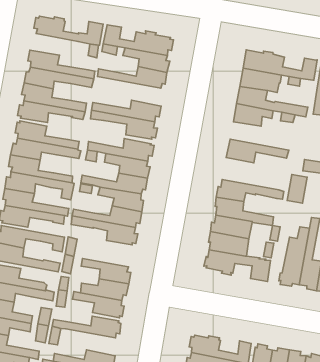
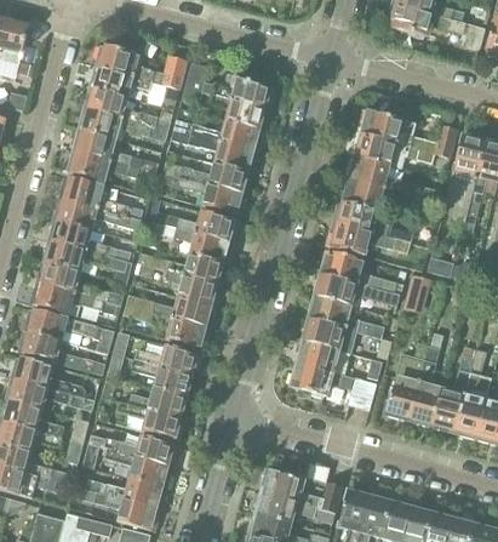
building: none -> [90,67,153,97]
building: none -> [170,129,256,173]
building: none -> [337,201,413,244]
building: none -> [321,251,396,293]
building: none -> [134,344,202,376]
building: none -> [103,449,171,489]

